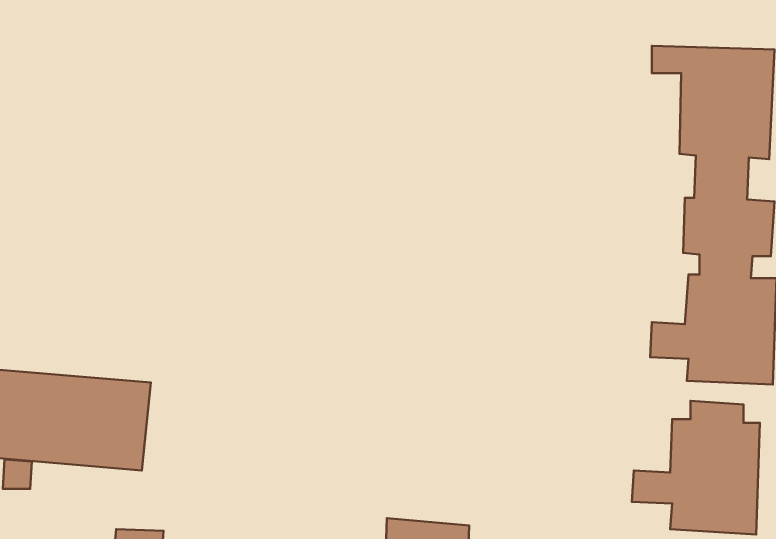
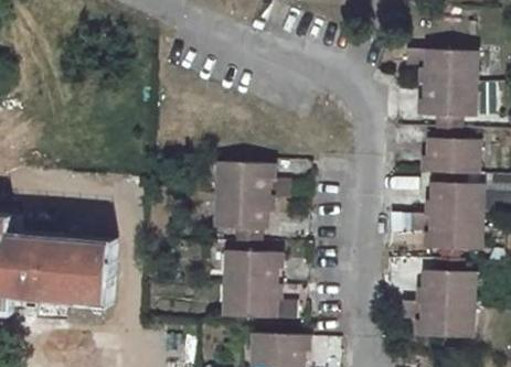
building: none -> [213,161,291,323]

